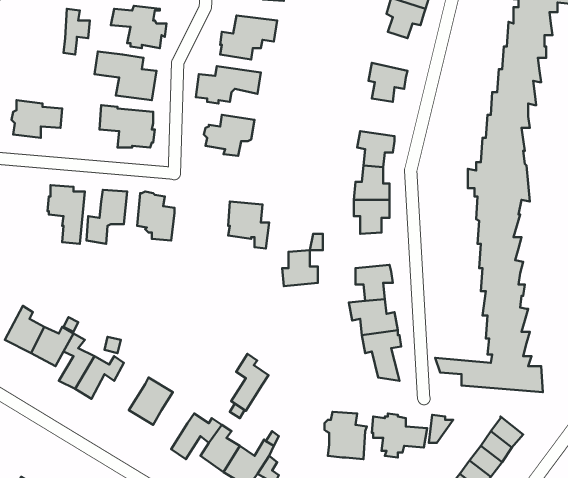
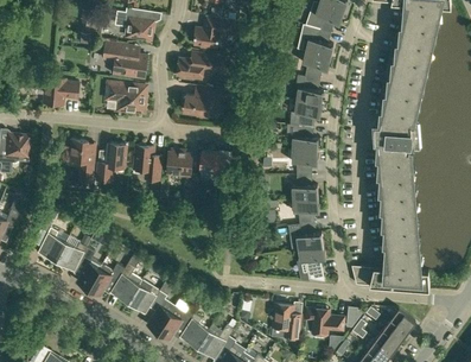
building: none -> [304,28,332,57]
building: none -> [295,77,323,104]
building: none -> [166,151,191,177]
building: [282,250,318,286] -> [291,174,317,201]
building: none -> [109,262,139,304]
building: [231,354,269,411] -> [147,291,174,332]

